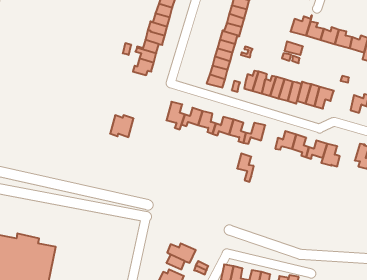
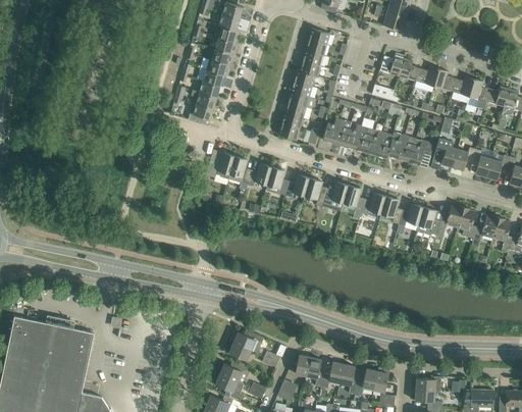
building: none -> [433,139,457,167]
building: [110,115,134,137] -> [206,153,234,179]
building: none -> [436,205,464,238]
building: [237,153,254,182] -> [344,186,364,220]

